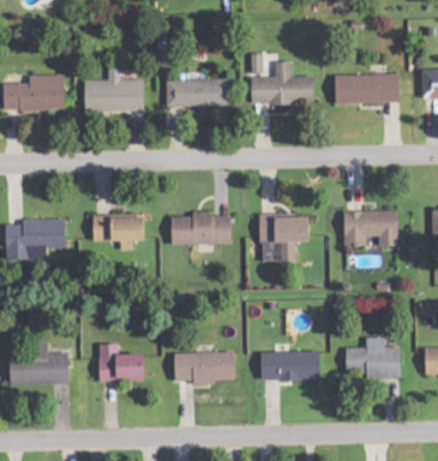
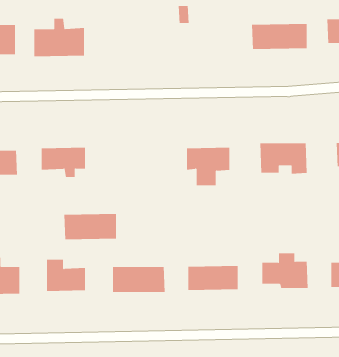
building: [251,60,313,103] -> none
building: [164,78,230,107] -> none
building: [170,214,232,244] -> [63,214,117,240]

